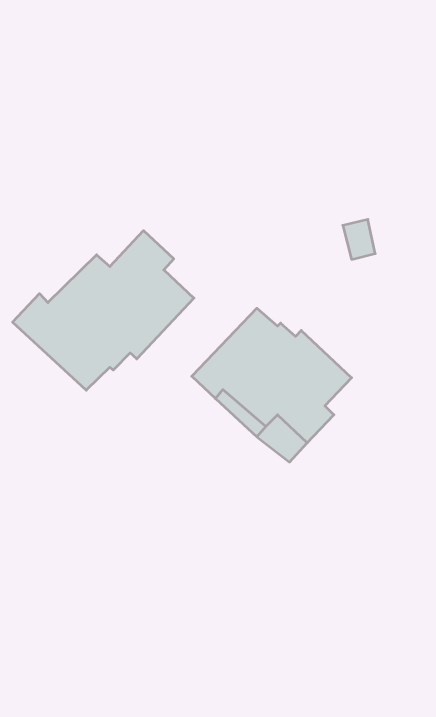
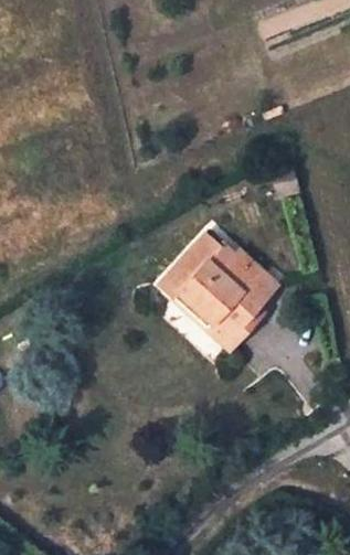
building: [13,231,194,390] -> none

